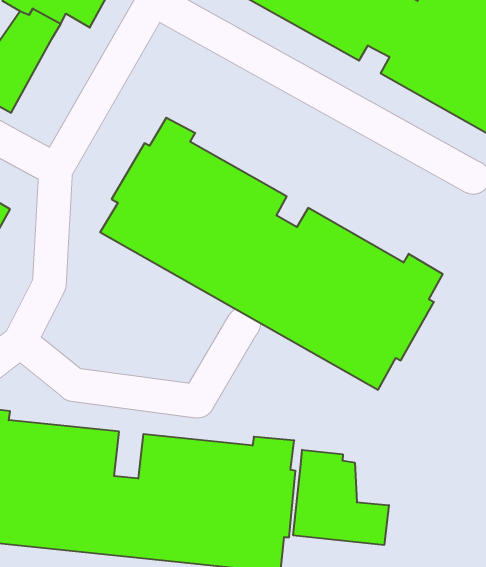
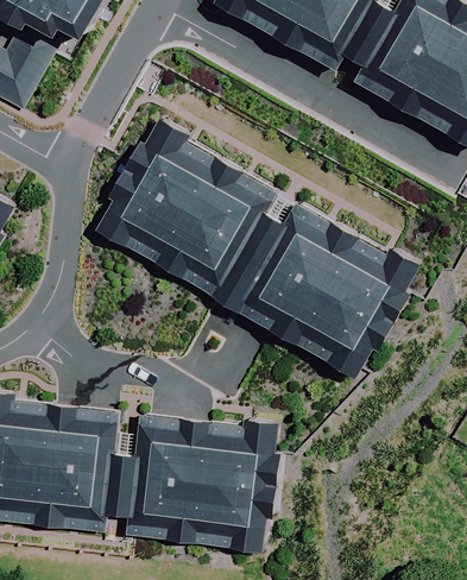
building: [293,450,389,545] -> none

